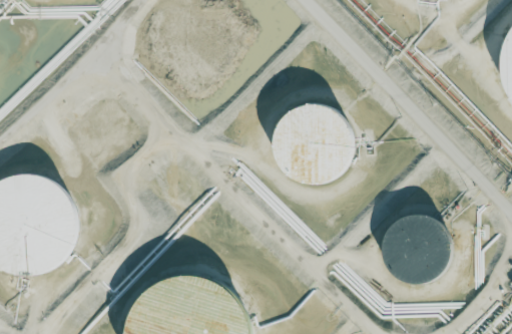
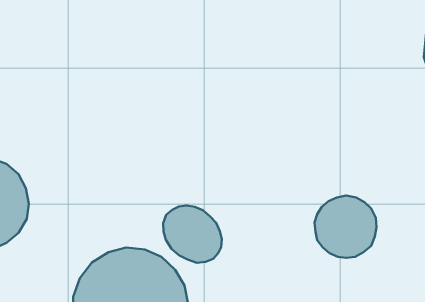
building: [274,102,355,185] -> none
building: none -> [163,206,222,263]

